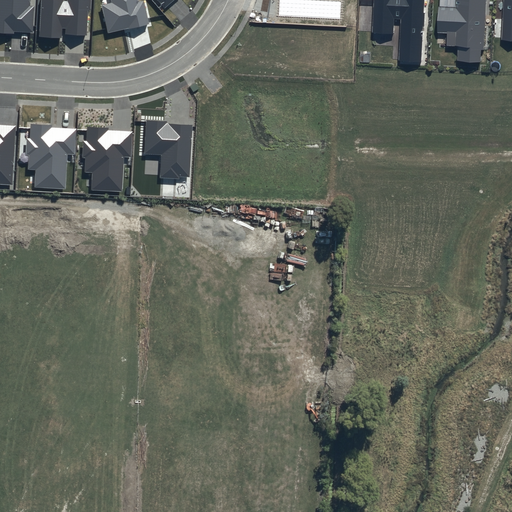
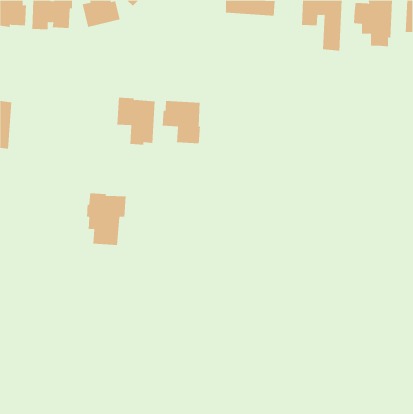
building: none -> [162,100,200,144]
building: [25,124,75,190] -> none
building: [82,127,132,192] -> [86,193,127,246]

